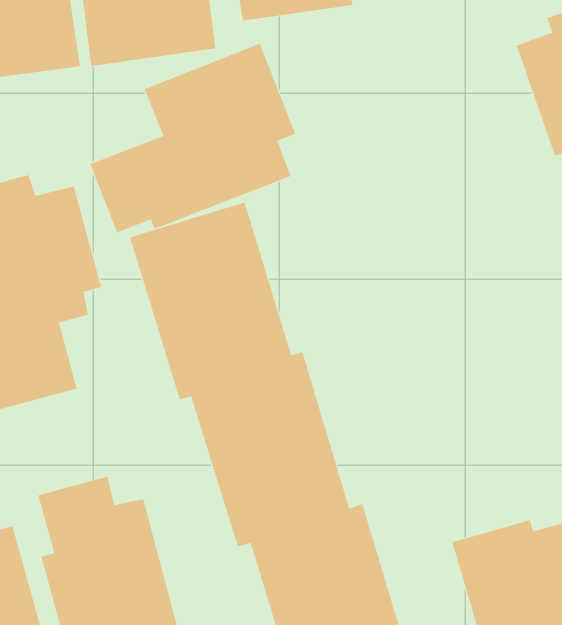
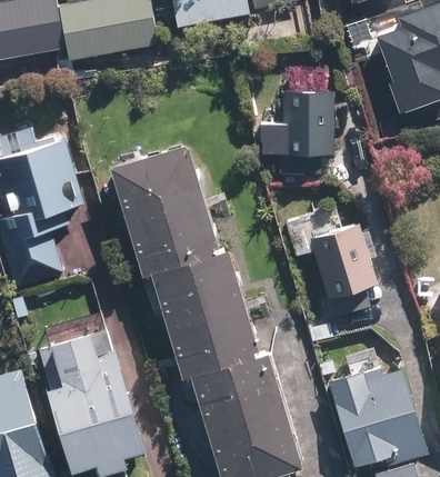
building: [89,43,296,233] -> none
building: none -> [282,89,338,176]
building: none -> [287,206,381,319]

